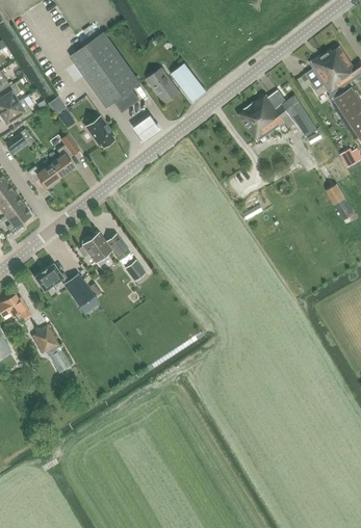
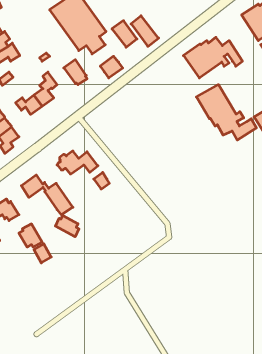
building: none -> [196,85,256,140]
building: none -> [55,216,79,237]

